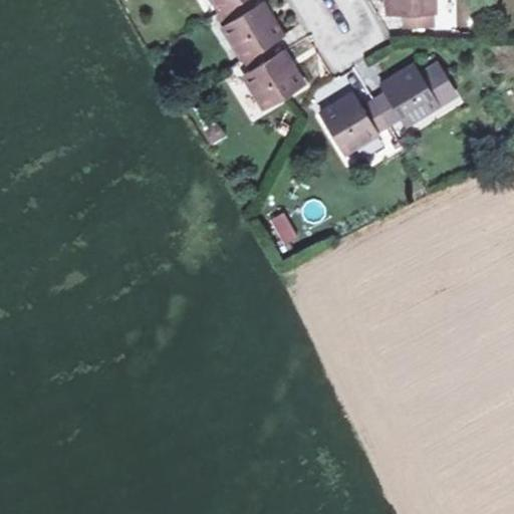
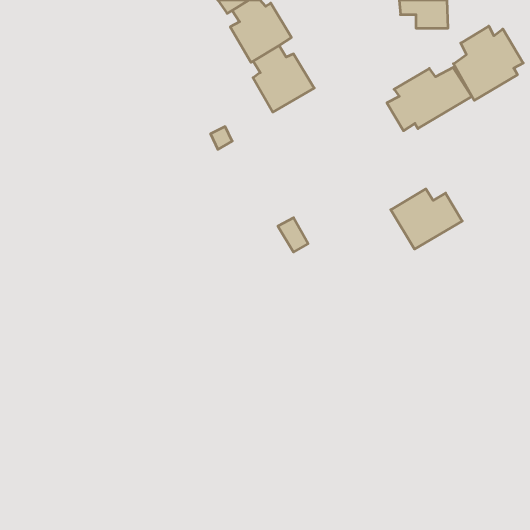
building: none -> [453,26,523,100]
building: [321,95,391,154] -> [391,189,462,249]

